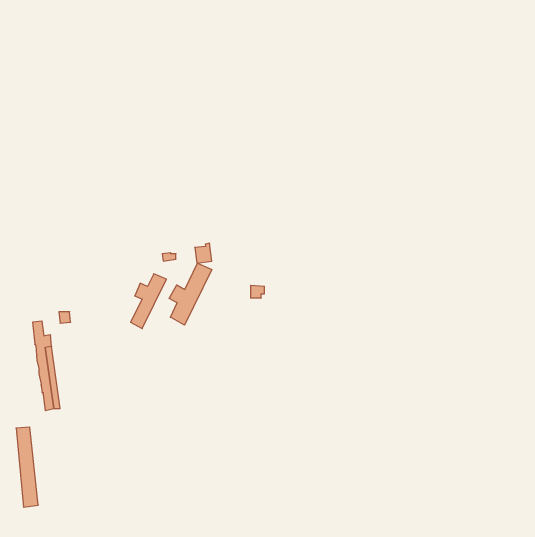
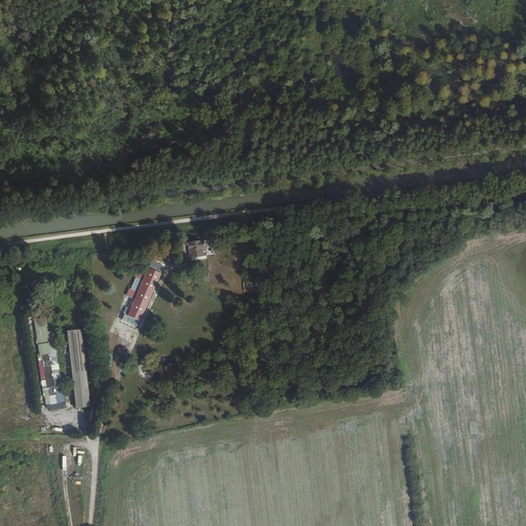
building: [169,263,212,325] -> none
building: [16,427,38,507] -> [66,326,87,404]

